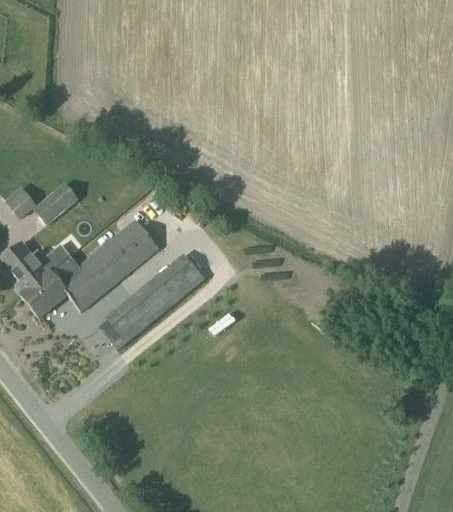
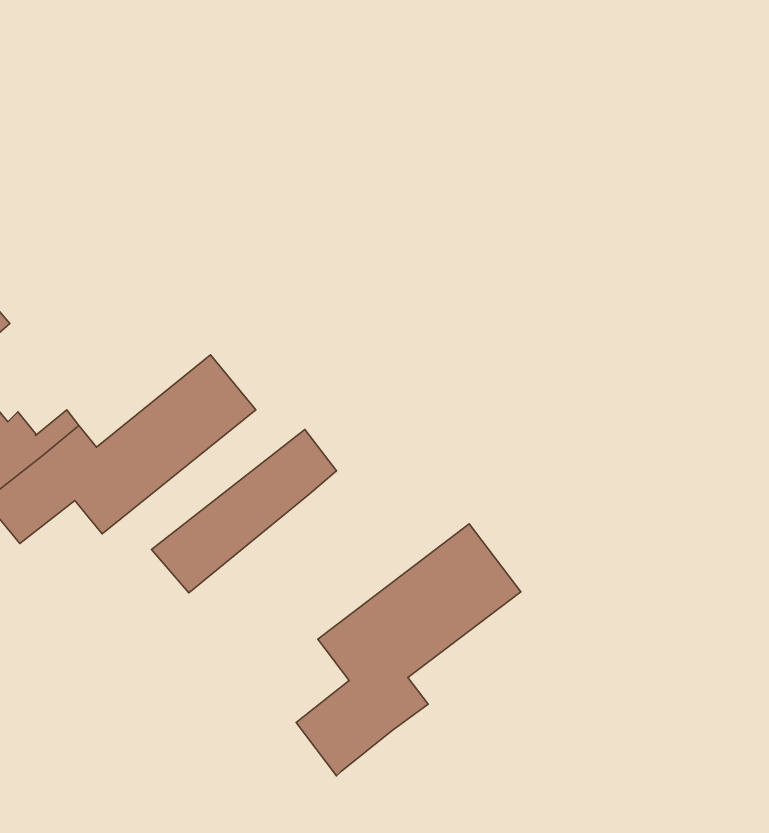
building: [33,181,79,225] -> none
building: none -> [296,524,521,776]

